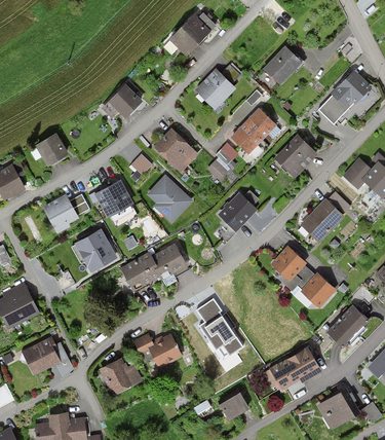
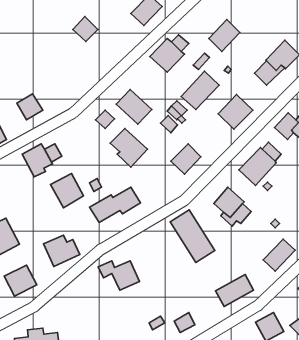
building: [110,86,140,116] -> [73,16,98,42]
building: [94,180,133,218] -> none
building: [301,273,335,307] -> none
building: [190,297,243,360] -> [170,210,215,262]
building: [99,359,142,396] -> [44,235,80,266]

